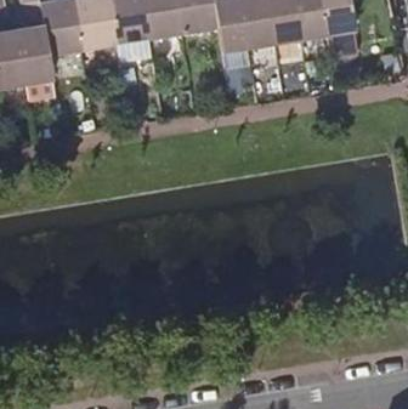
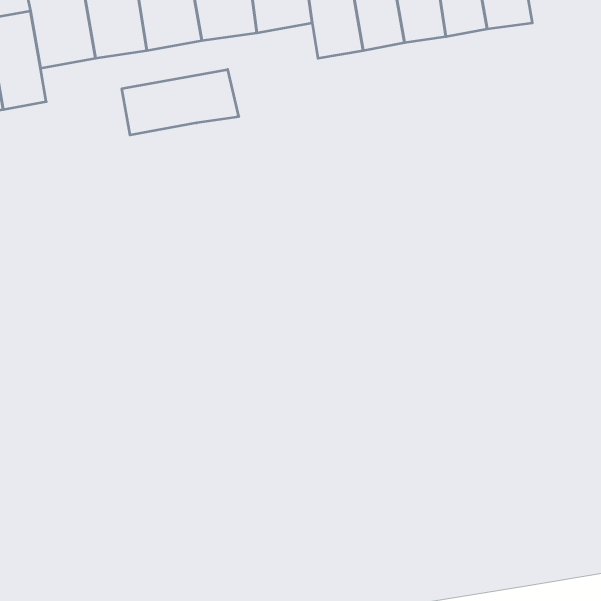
building: none -> [122,69,239,135]

